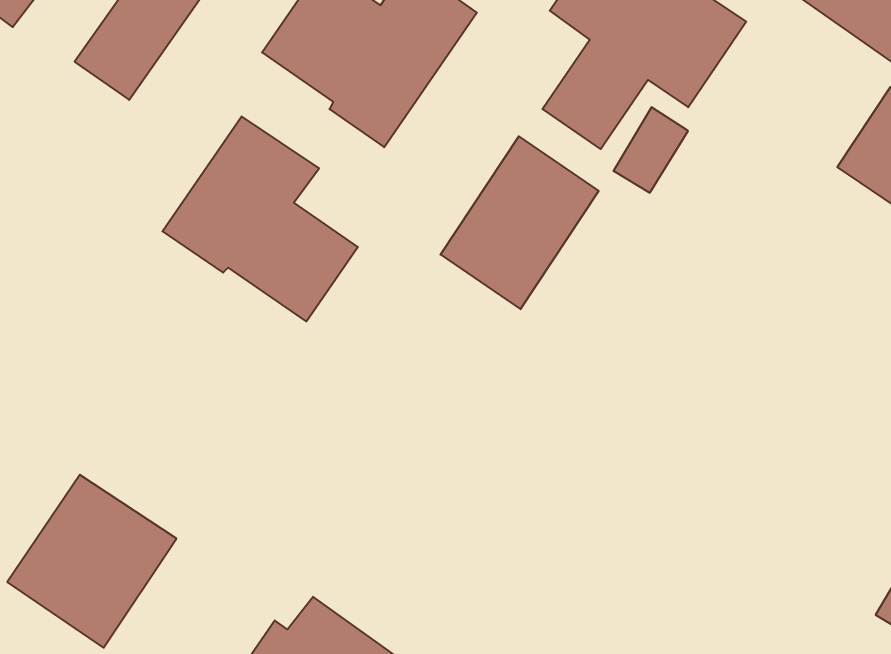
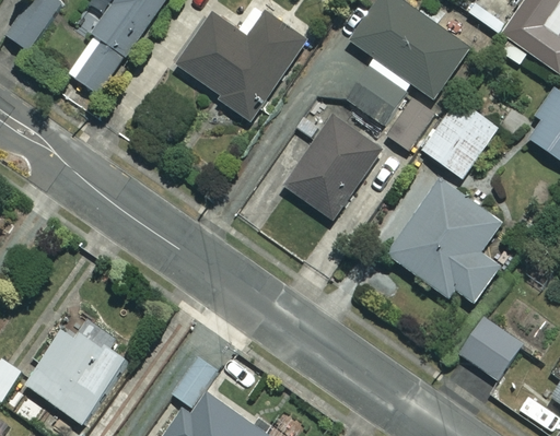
building: none -> [422,99,498,177]
building: [162,116,358,321] -> none
building: none -> [388,179,502,302]
building: none -> [459,318,521,378]

